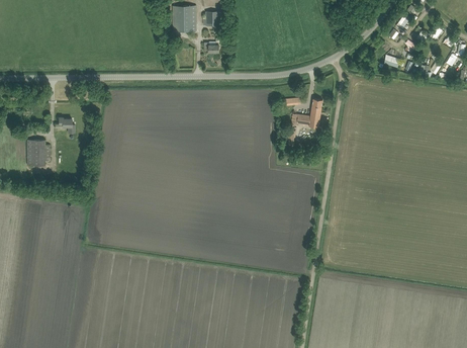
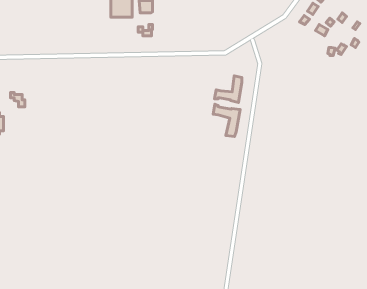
building: none -> [213,104,240,136]

